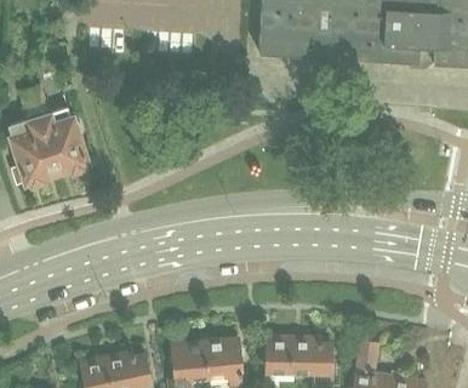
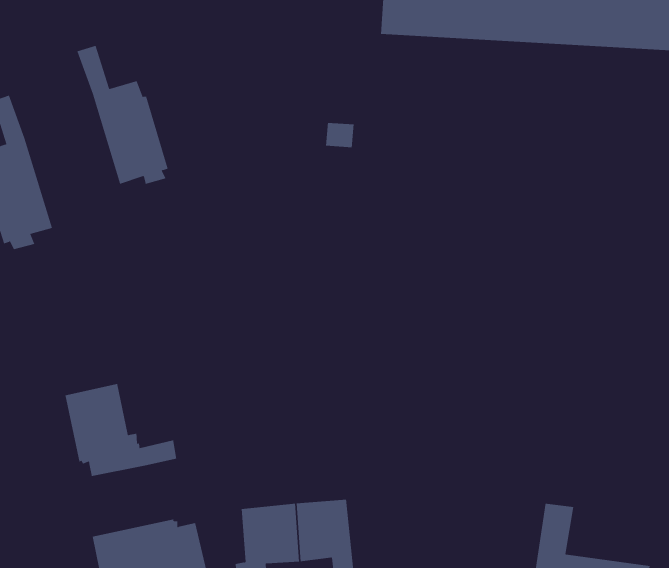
building: [29,86,86,172] -> [76,45,169,184]
building: none -> [65,383,177,477]
building: [266,337,331,375] -> none

